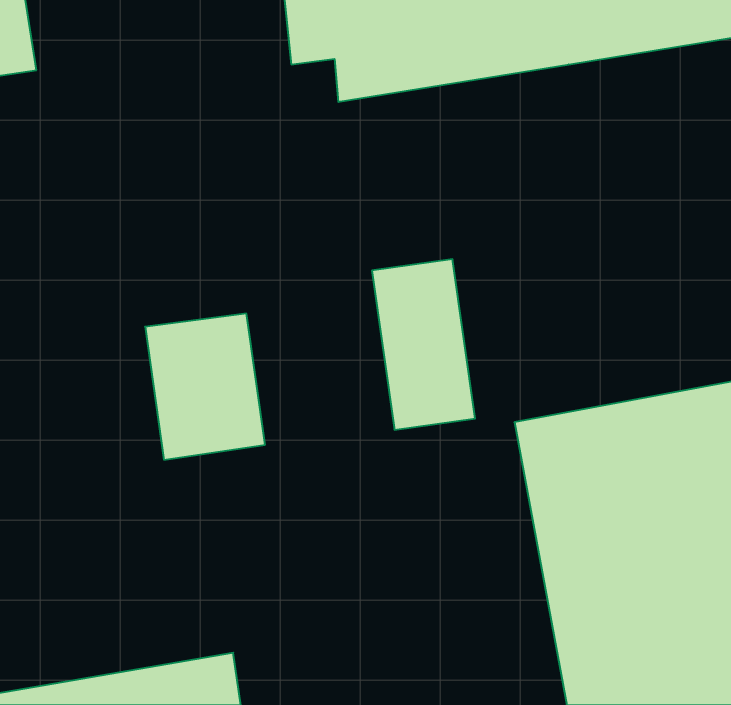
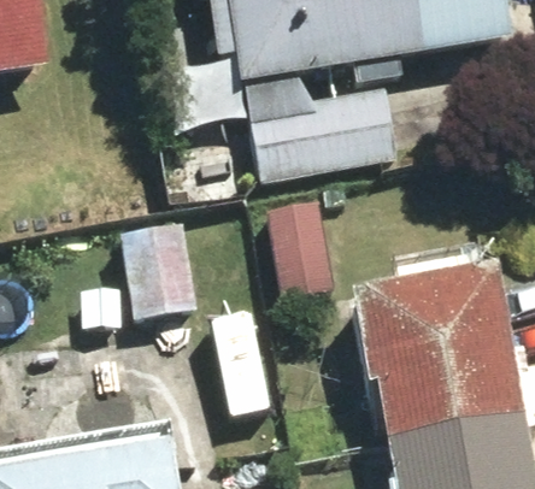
building: none -> [242,64,405,179]

